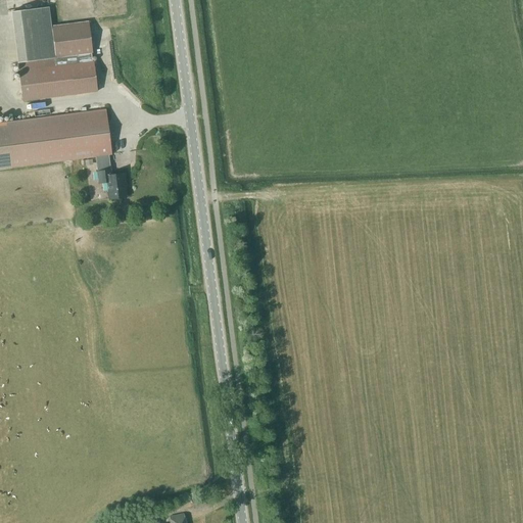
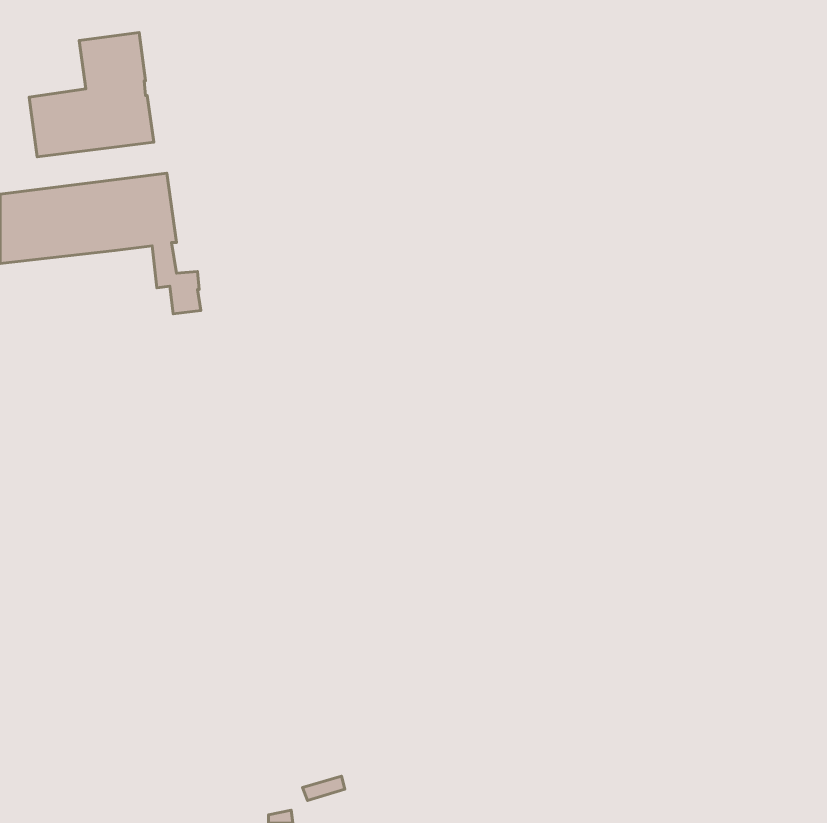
building: [12,5,54,61] -> none

